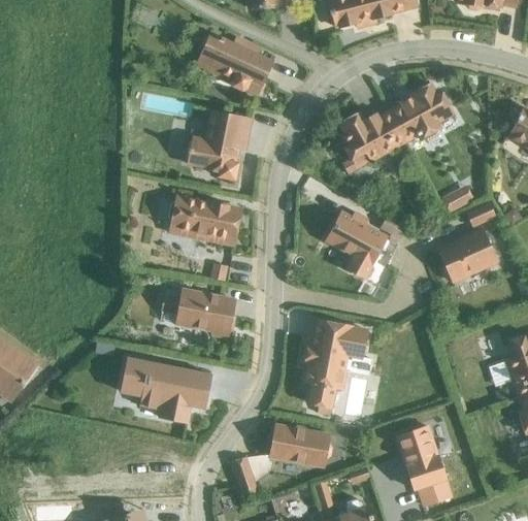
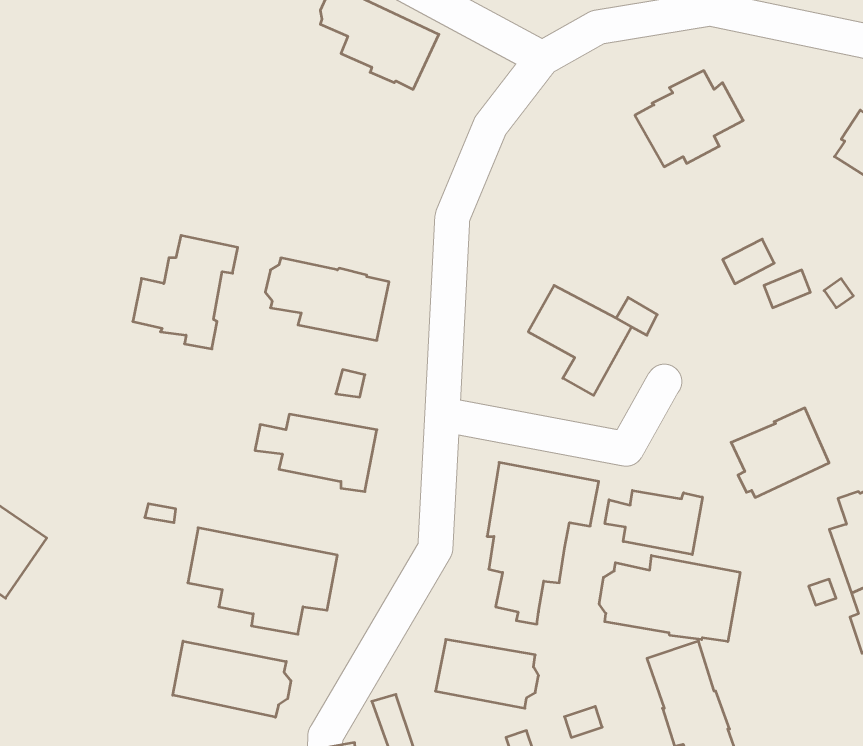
building: [340,110,407,162] -> none
building: [188,111,251,180] -> [133,235,238,349]
building: [438,228,497,282] -> [731,408,829,497]
building: none -> [605,490,702,555]
building: none -> [599,555,740,642]
building: none -> [173,641,291,717]

